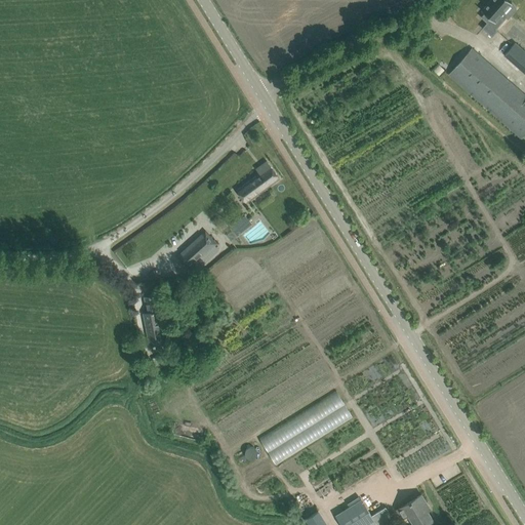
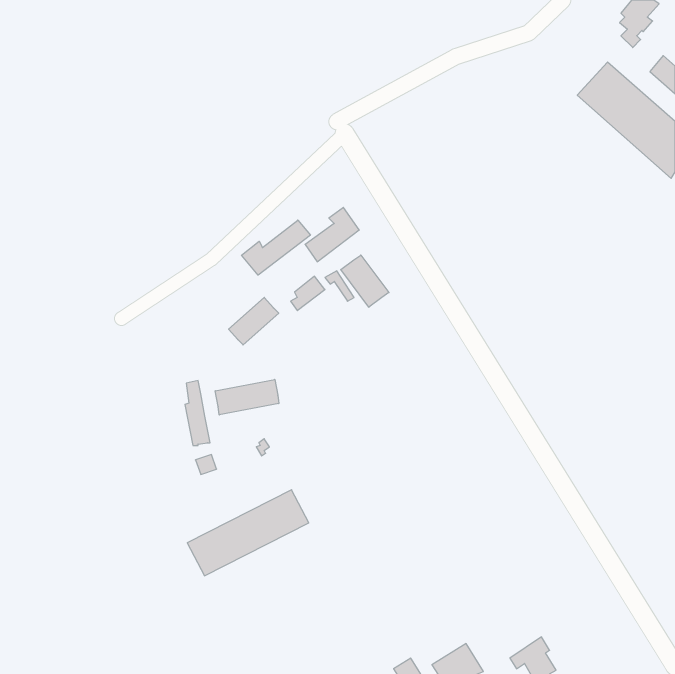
building: none -> [242,220,310,275]
building: none -> [341,255,389,307]
building: none -> [215,379,279,415]
building: [259,394,354,460] -> [187,490,309,576]

